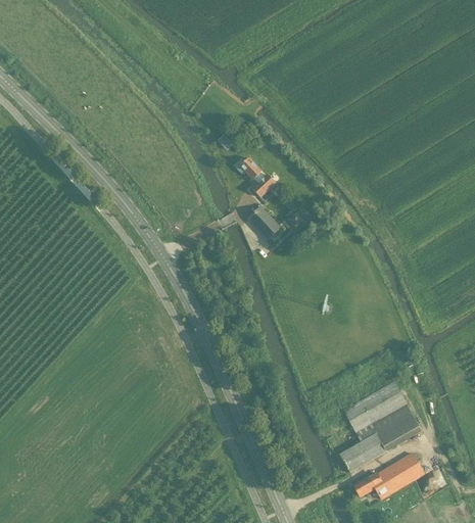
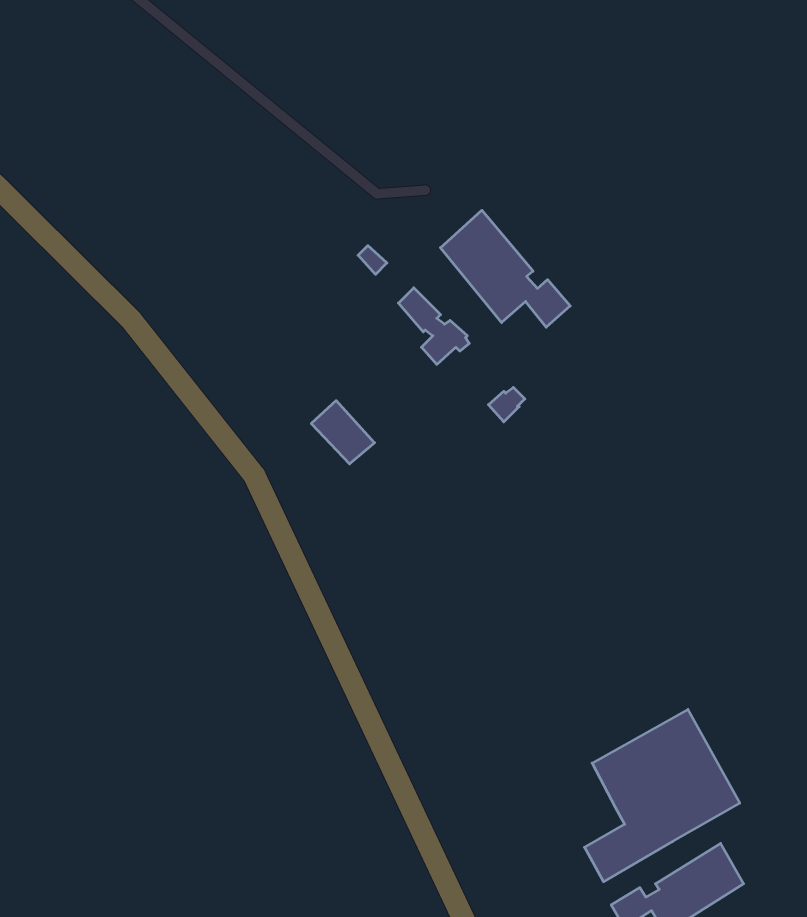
building: none -> [440,210,570,327]
building: [246,205,280,239] -> [311,401,375,464]

